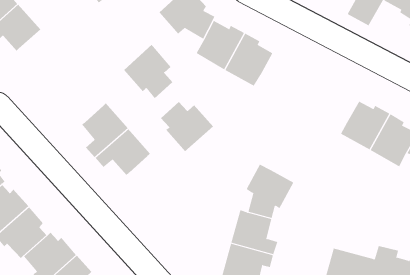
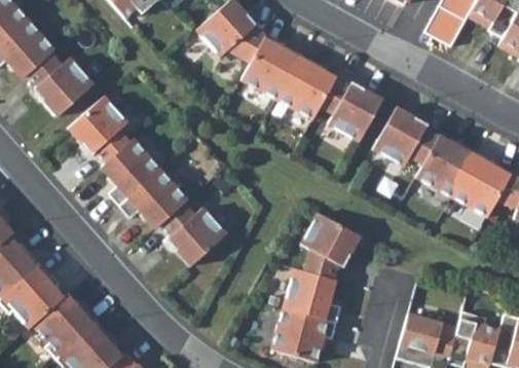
building: none -> [28,52,94,115]
building: [123,44,173,99] -> [69,95,129,161]
building: none -> [321,78,382,140]
building: none -> [373,106,439,164]
building: [160,101,214,152] -> [161,203,226,264]

